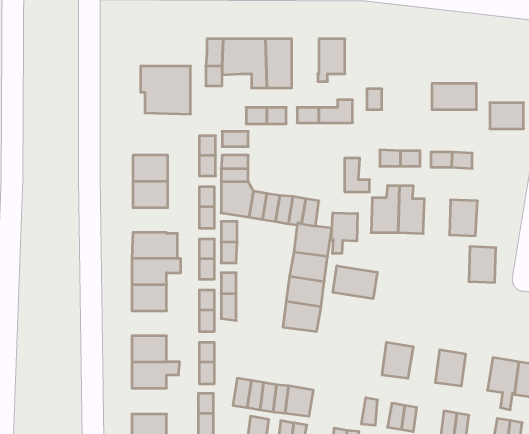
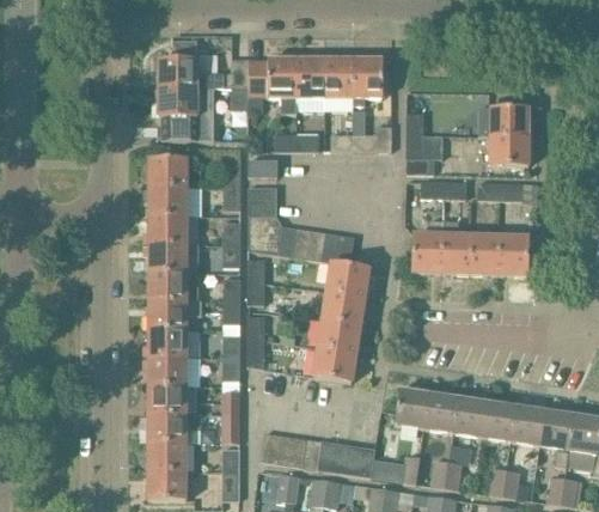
building: none -> [158,41,224,89]
building: none -> [324,59,354,97]
building: [490,103,524,129] -> [490,136,527,165]
building: none -> [149,158,188,187]
building: [345,158,370,192] -> [407,136,434,173]
building: none -> [149,244,188,272]
building: [331,213,358,254] -> none
building: [469,247,496,282] -> [469,234,499,274]
building: [333,266,377,299] -> none
building: none -> [148,358,187,385]
building: none -> [393,389,428,428]
building: none -> [452,397,487,437]
building: none -> [511,406,545,445]
building: none -> [148,443,187,471]
building: none -> [343,445,374,479]

